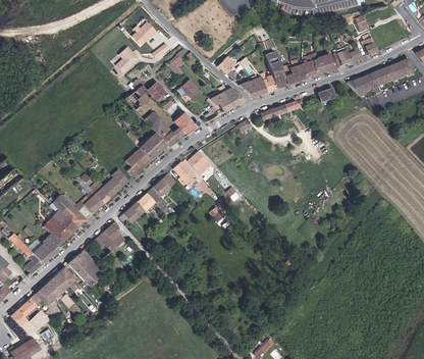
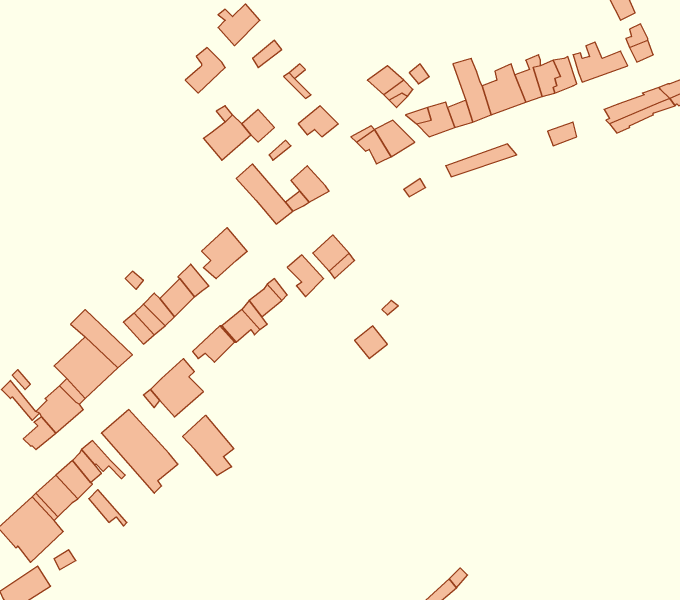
building: [125,131,166,161] -> none
building: none -> [183,415,234,476]

